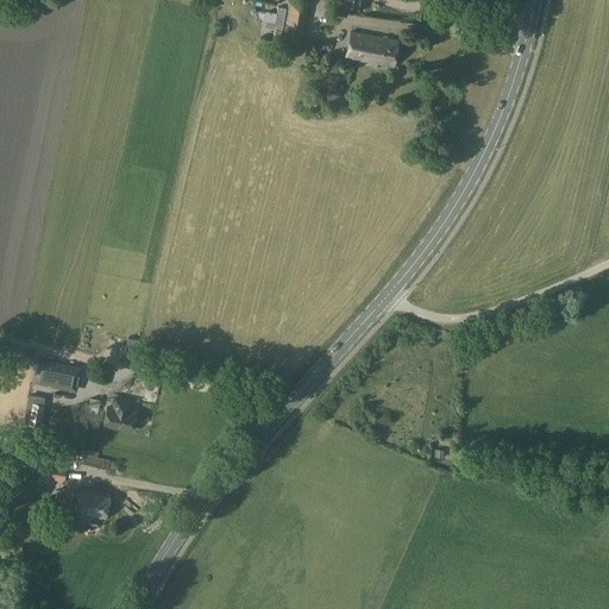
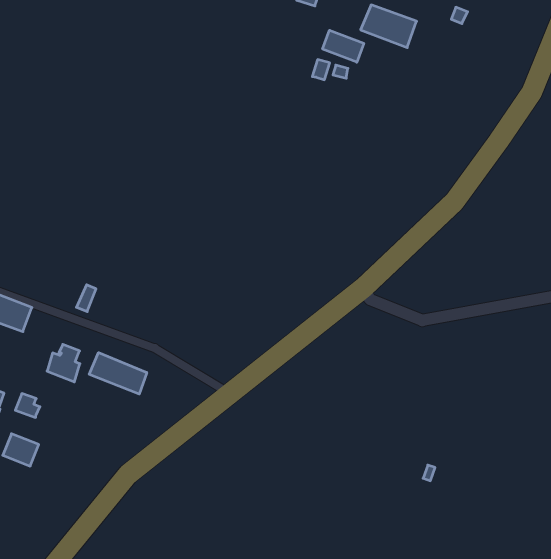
building: none -> [323,30,364,62]
building: none -> [89,353,147,394]

